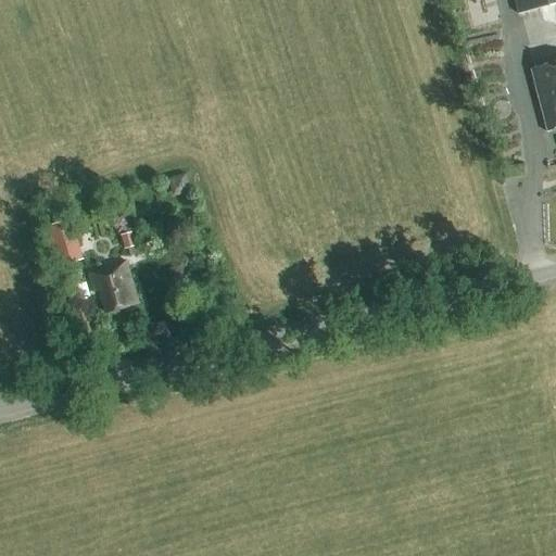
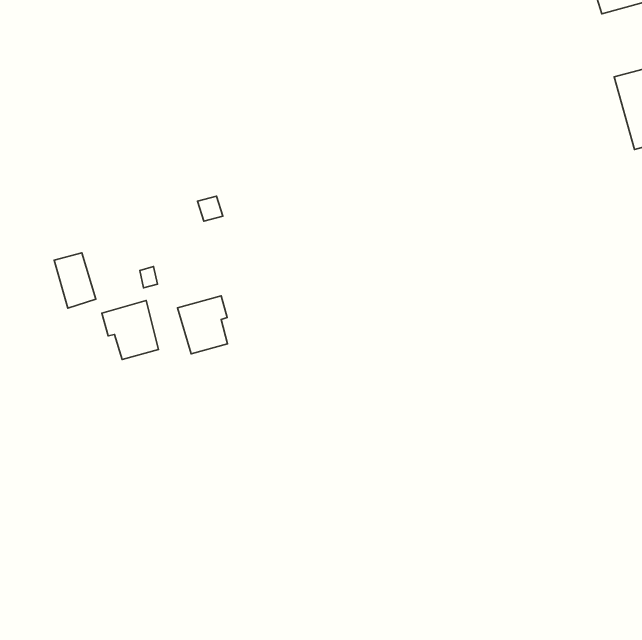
building: none -> [177,296,227,354]

